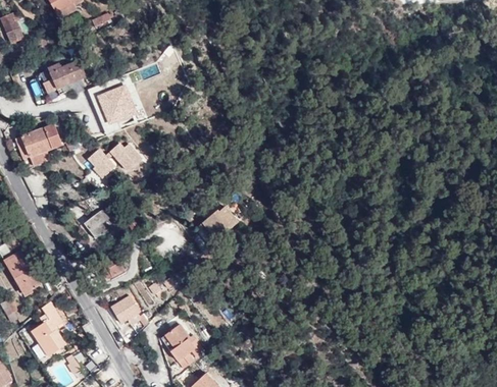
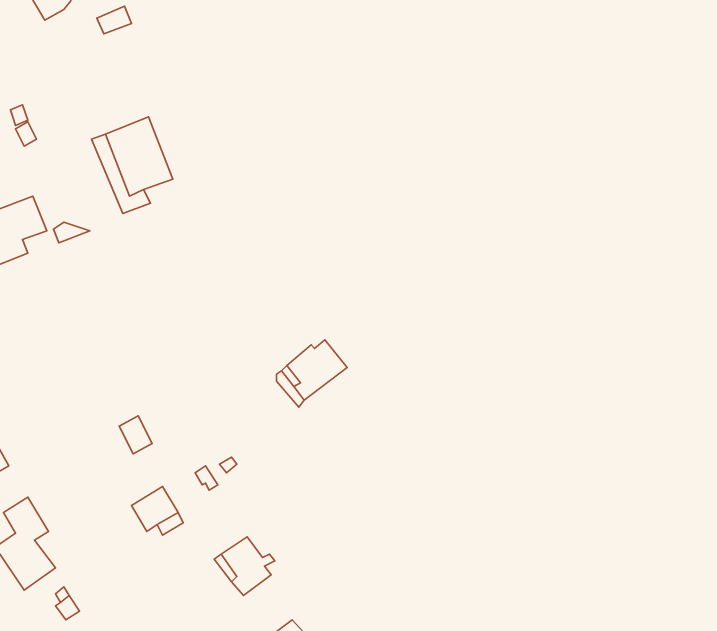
building: [48,60,85,94] -> none
building: [109,143,141,171] -> none
building: [88,149,114,177] -> none
building: [86,212,119,237] -> none

